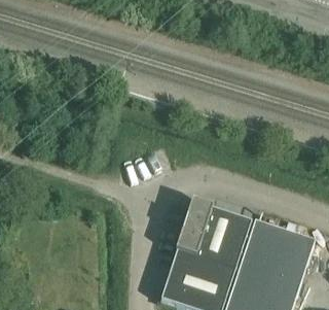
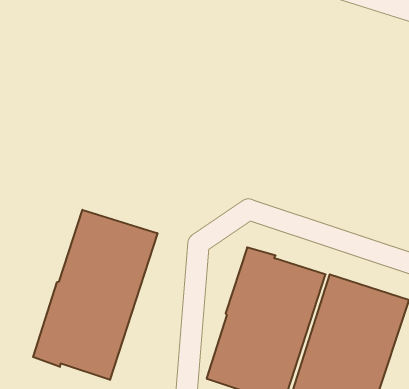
building: none -> [33,210,157,380]

